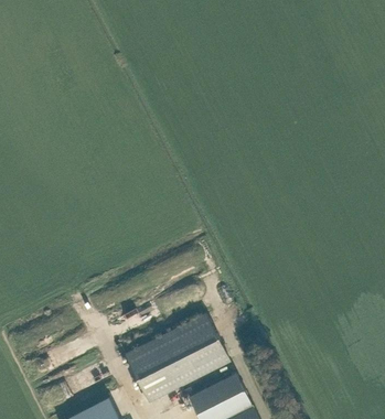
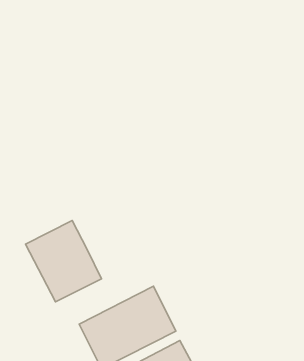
building: none -> [26,221,101,302]

